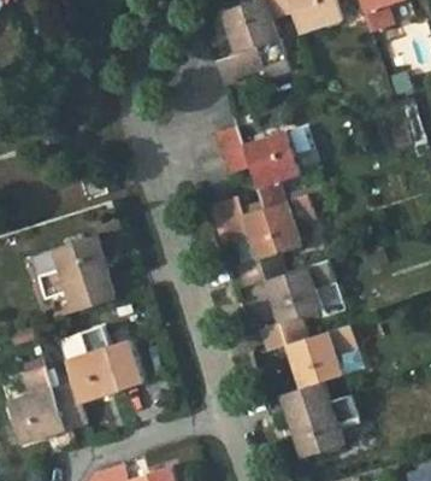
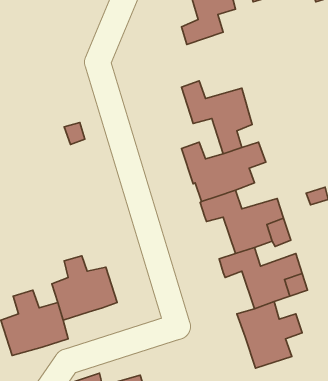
building: [40,235,114,312] -> none

